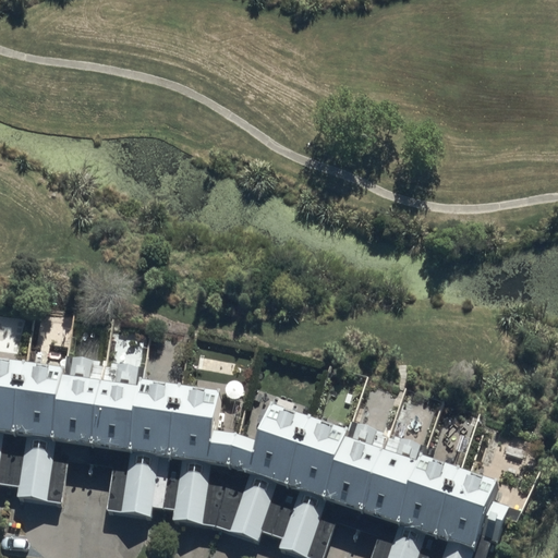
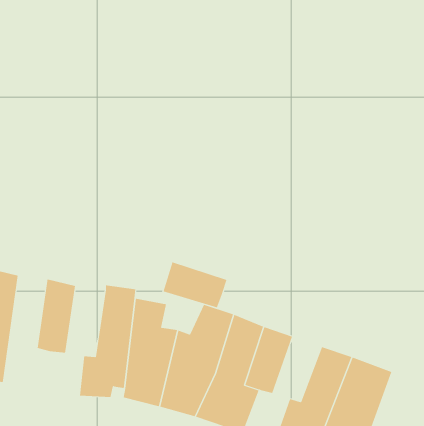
building: none -> [163,261,227,308]
building: [4,361,64,509] -> none
building: [86,374,137,466] -> none
building: [356,440,420,525] -> none

